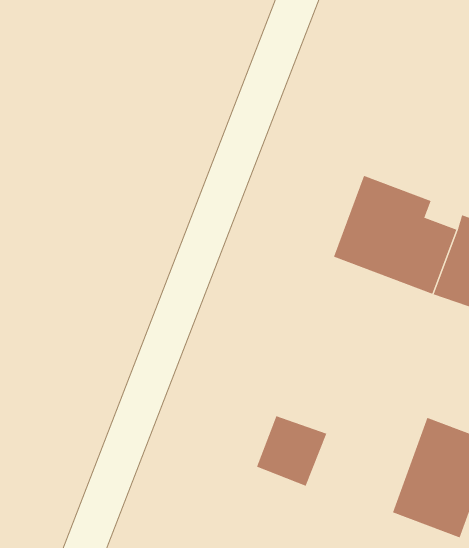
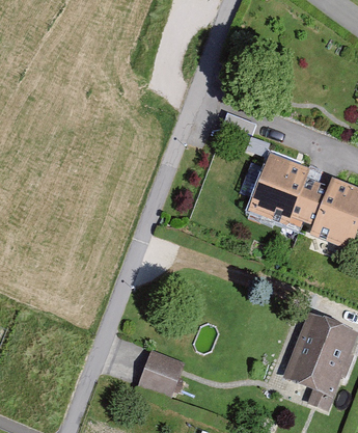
building: [256,415,327,487] -> [136,348,185,397]

